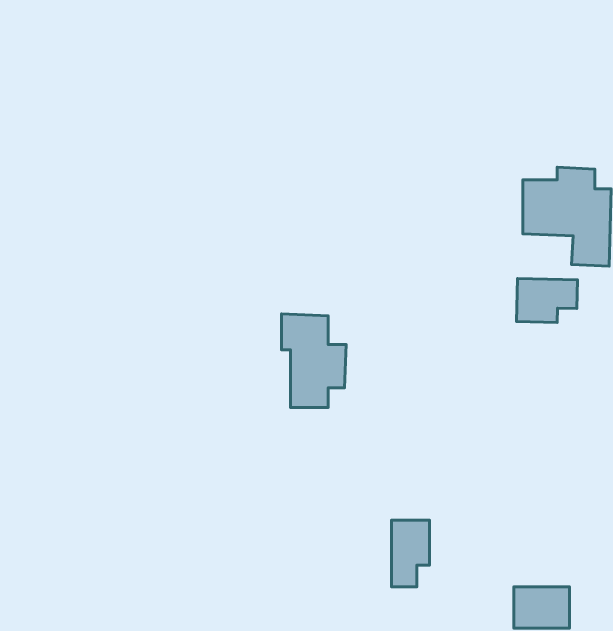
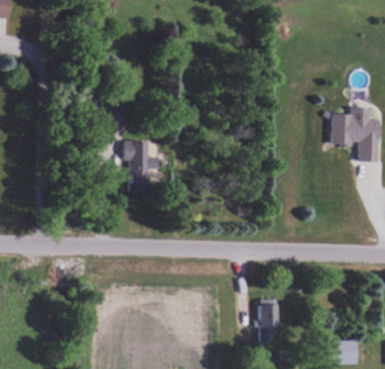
building: [517,279,578,322] -> none
building: [281,314,346,407] -> [123,138,159,191]

